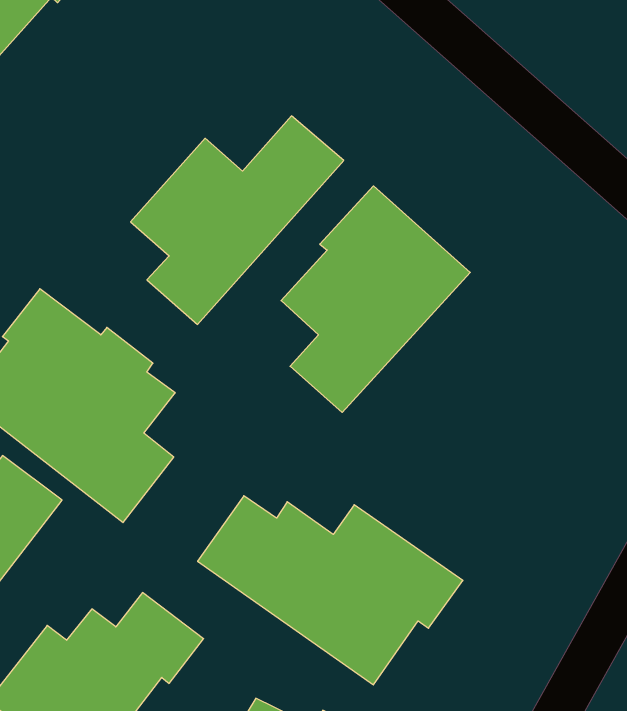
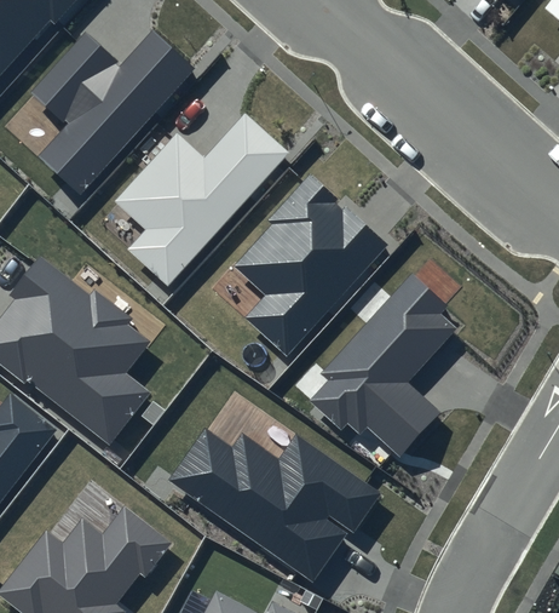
building: none -> [33,28,197,196]
building: none -> [311,271,457,457]

